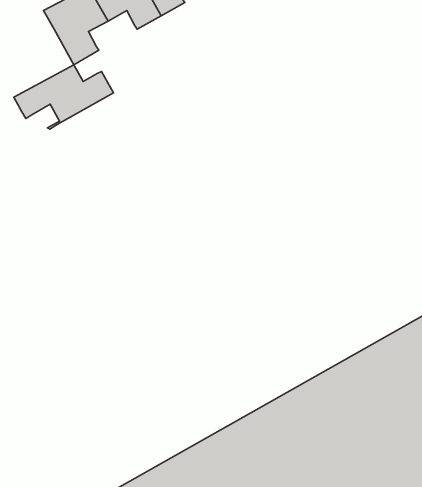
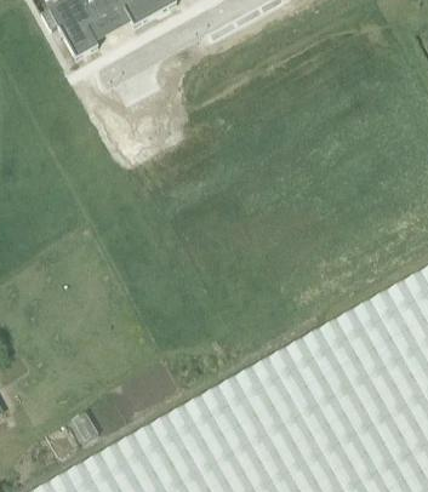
building: [14,65,114,129] -> none

